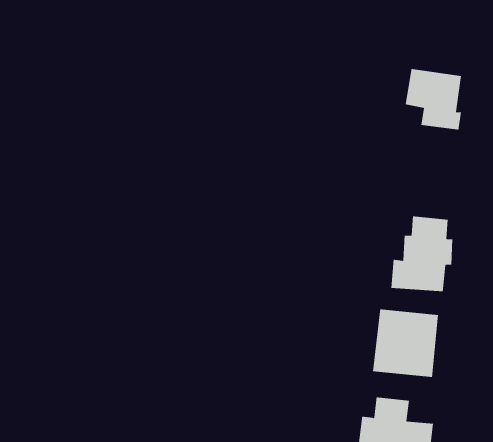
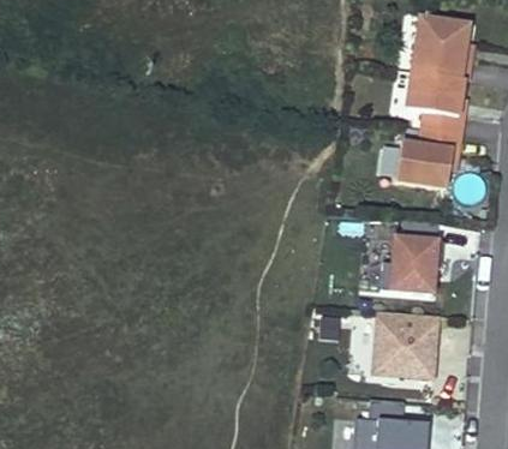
building: none -> [411,18,468,80]
building: none -> [394,128,459,187]

